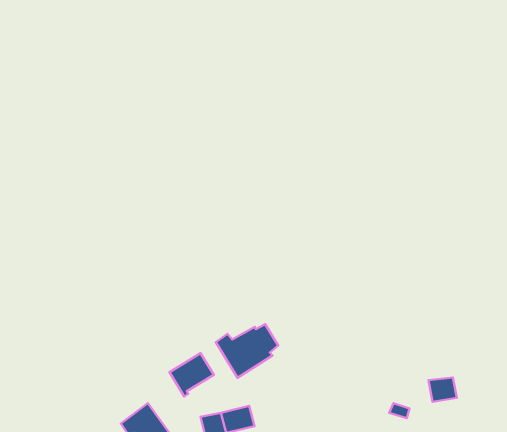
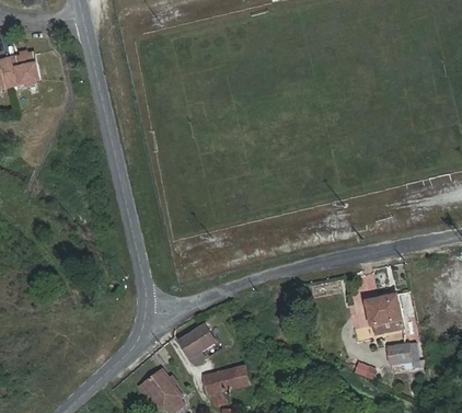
building: none -> [365,296,401,334]
building: [216,324,278,378] -> none

